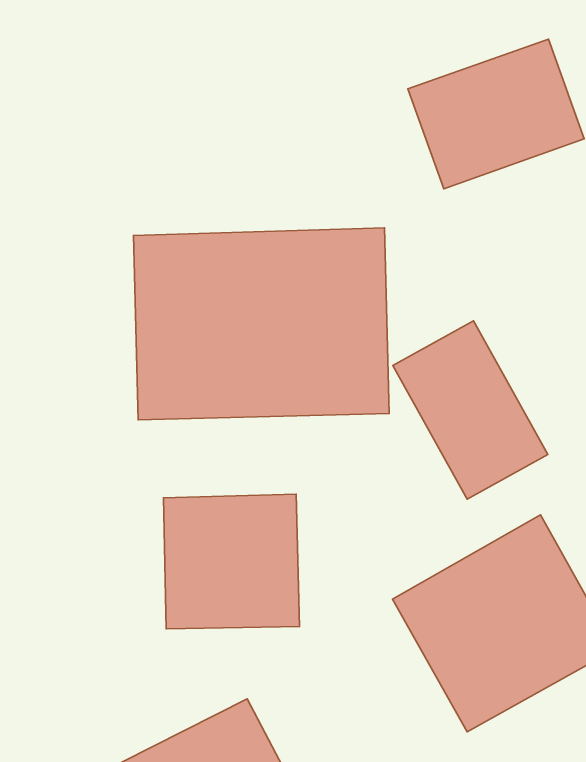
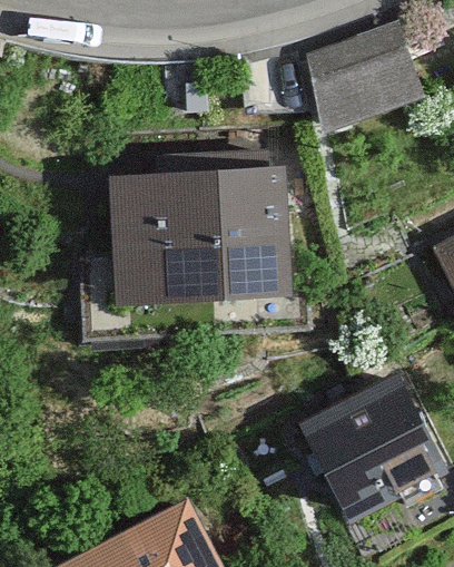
building: [393,321,548,499] -> none
building: [163,494,300,629] -> none

